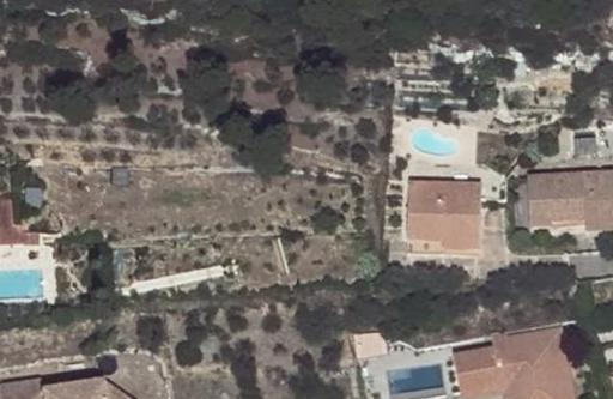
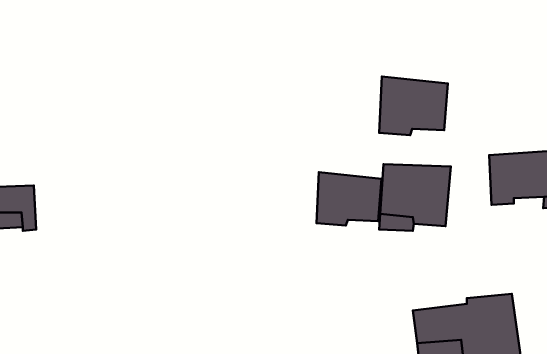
building: none -> [379,76,448,135]
building: none -> [317,172,381,225]

